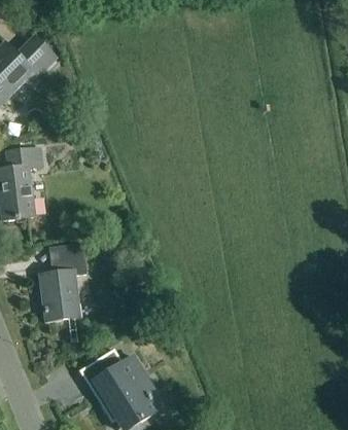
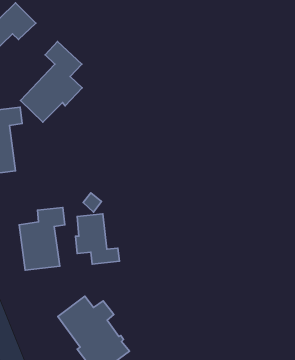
building: none -> [20,41,82,122]
building: none -> [75,214,119,264]

